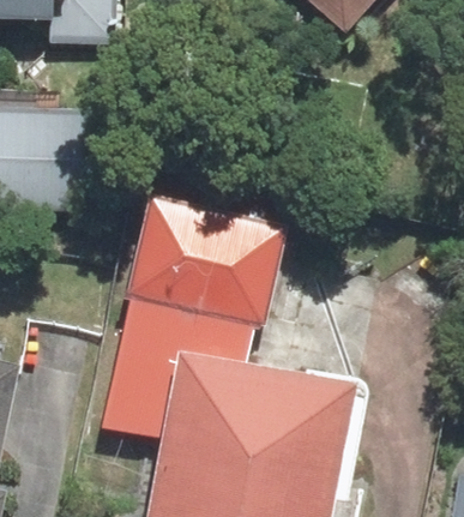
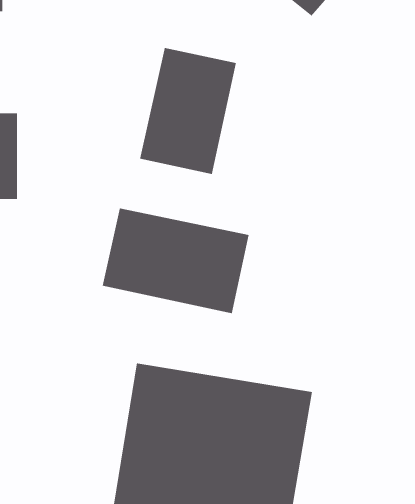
building: none -> [139,47,236,175]

